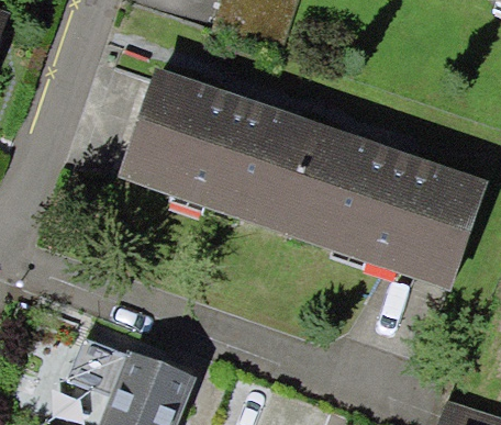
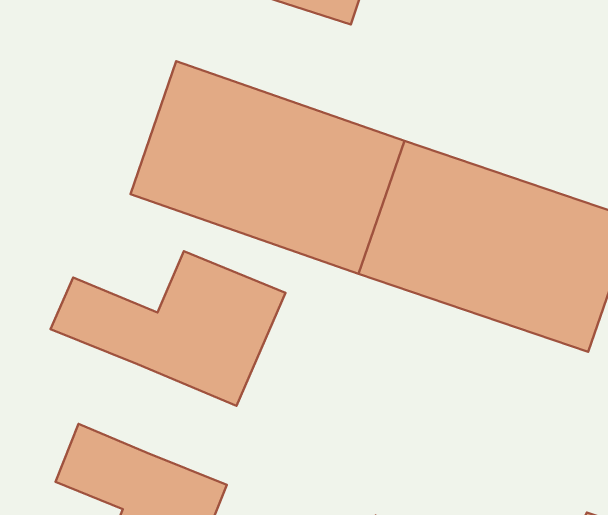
building: none -> [51,251,286,406]

